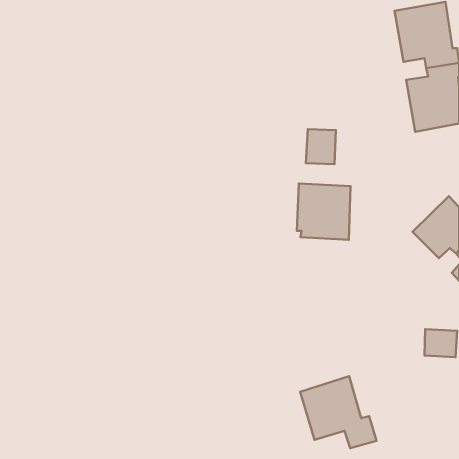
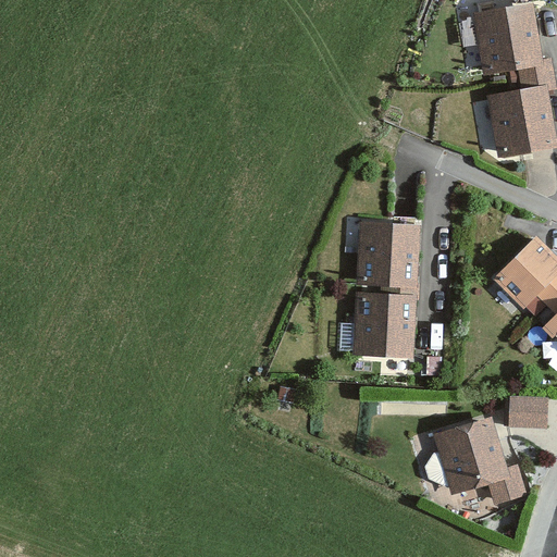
building: [306,129,336,164] -> none
building: none -> [351,284,417,355]
building: [300,376,377,448] -> [432,417,523,503]

